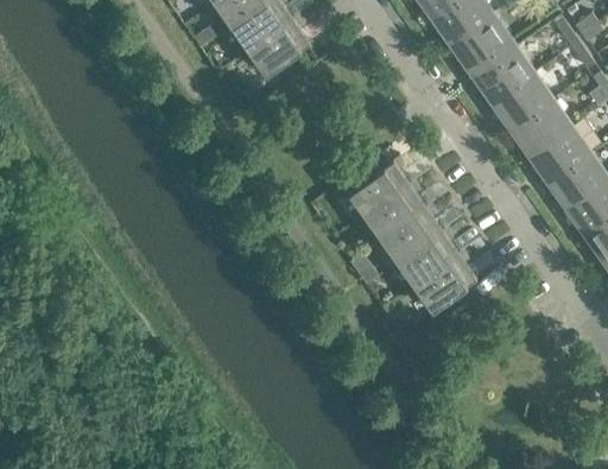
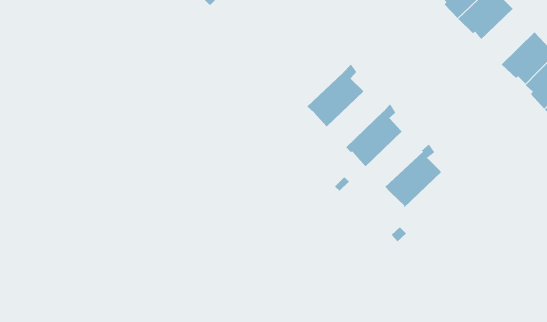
building: [532,128,589,183] -> none
building: [363,182,423,242] -> none
building: [395,228,456,289] -> none

